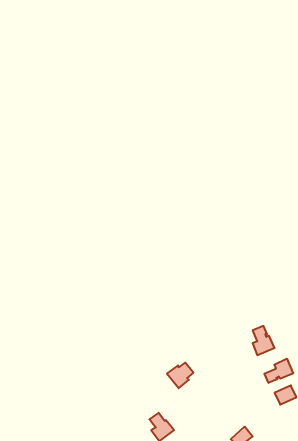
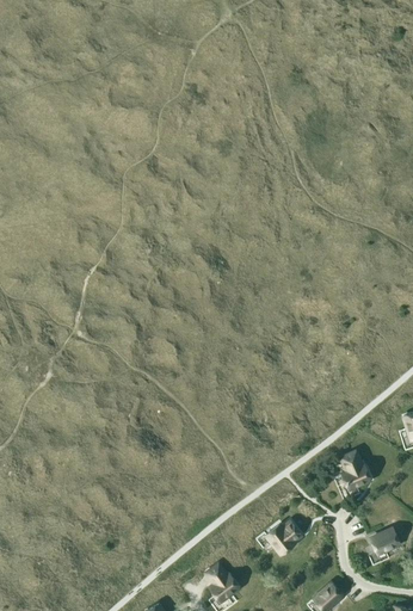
building: [264,359,293,383] -> none
building: [167,363,193,388] -> [265,520,300,554]

